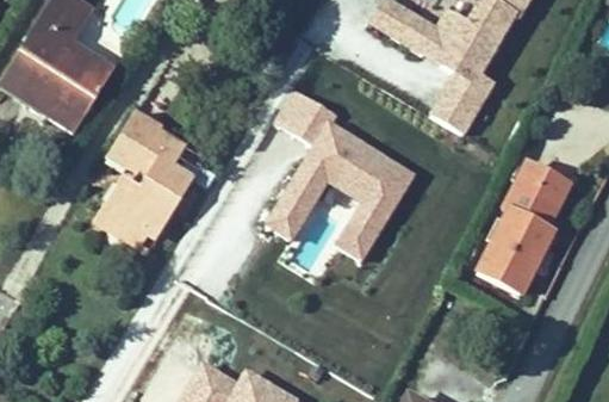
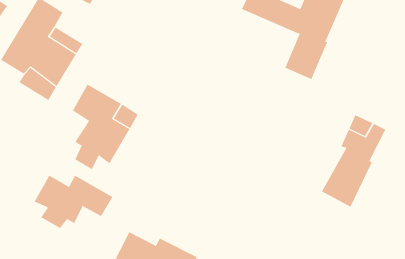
building: [257,87,411,252] -> none
building: none -> [34,175,113,229]

